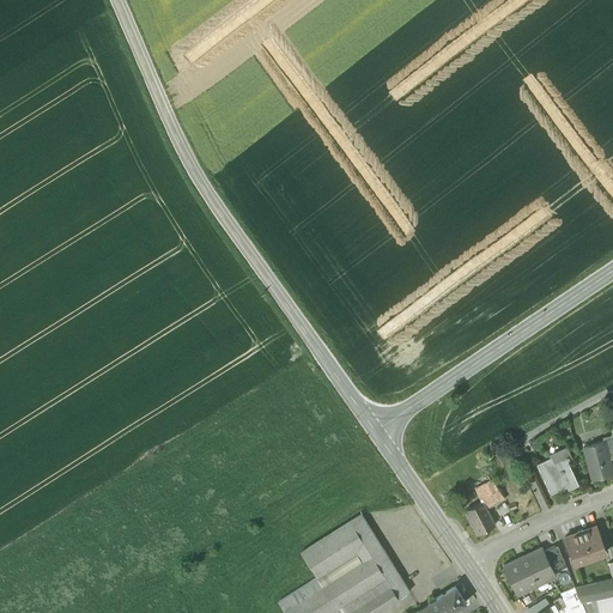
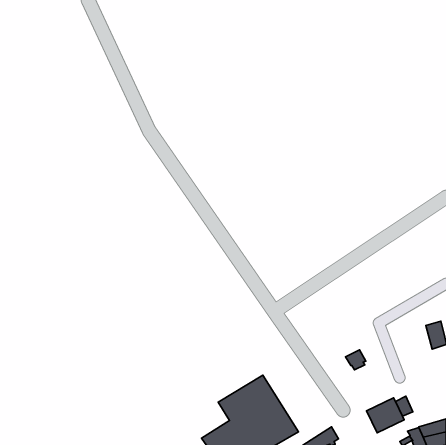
building: [536,457,578,494] -> none
building: [466,503,494,535] -> none
building: [564,527,605,562] -> none

